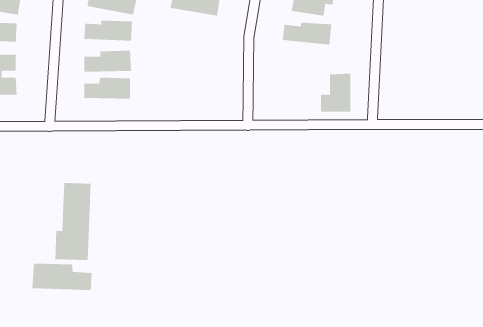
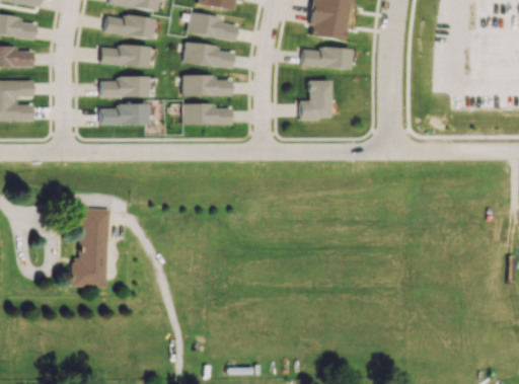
building: none -> [183,43,235,69]
building: none -> [183,75,231,95]
building: [320,73,351,112] -> [299,79,330,119]
building: none -> [183,103,232,125]
building: [32,263,92,291] -> none

